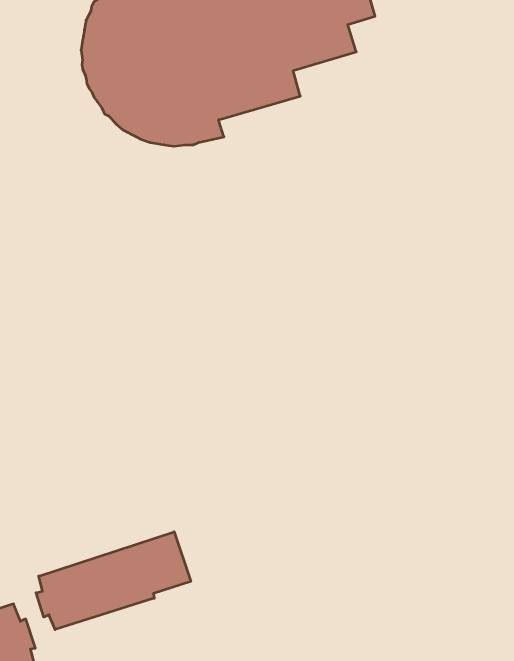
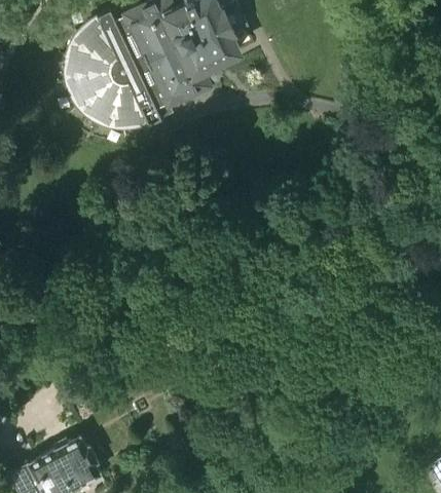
building: [36,532,191,630] -> none

